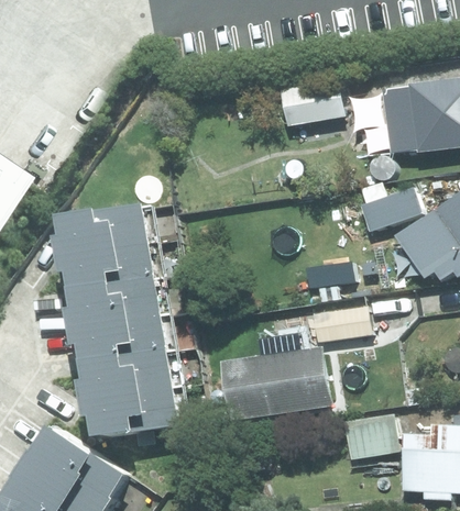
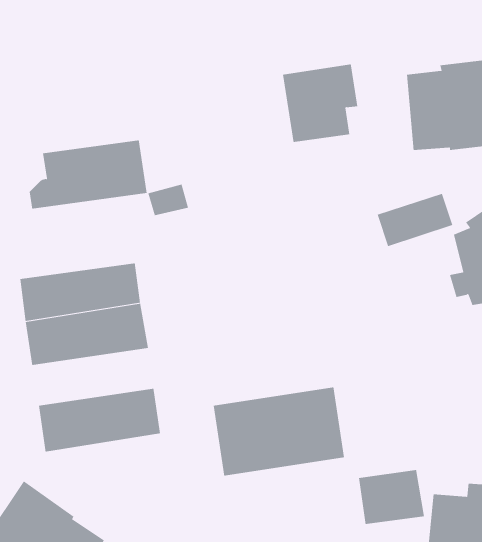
building: [59,201,157,258] -> [29,140,148,209]
building: [309,307,368,345] -> none
building: [72,315,173,363] -> none
building: [83,386,184,438] -> none

